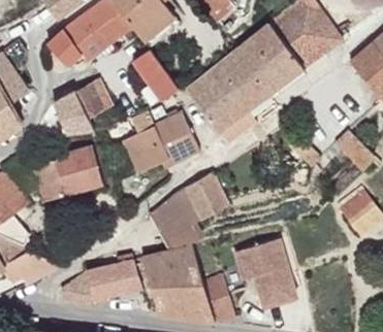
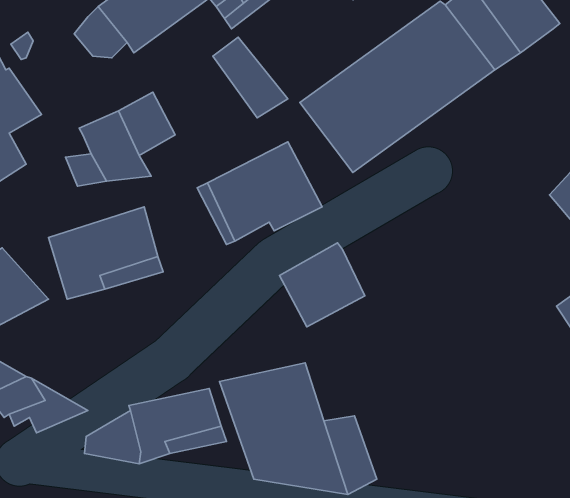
building: [148,192,195,242] -> none
building: [231,232,290,301] -> none

